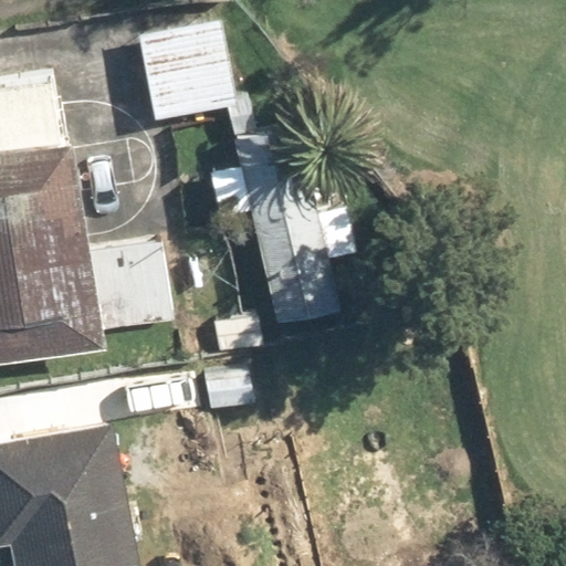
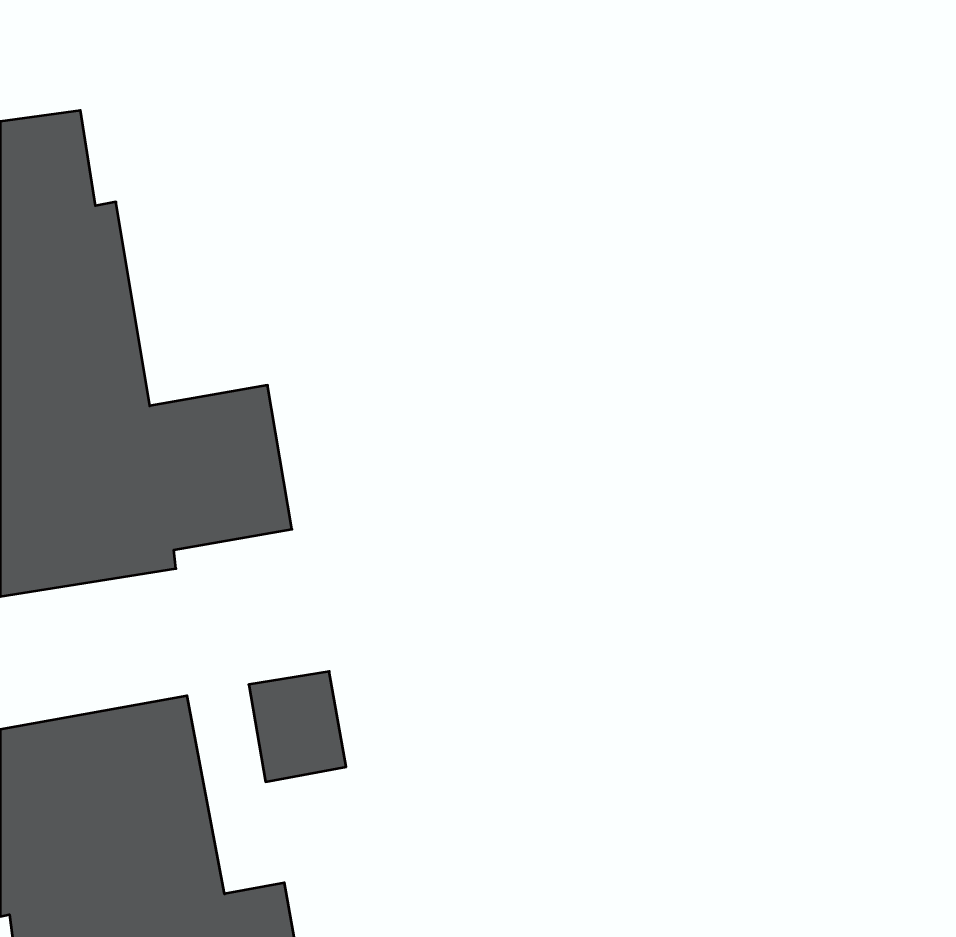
building: [135,21,234,120] -> none
building: [207,106,355,324] -> none

